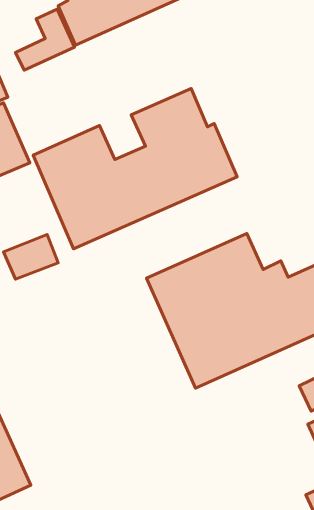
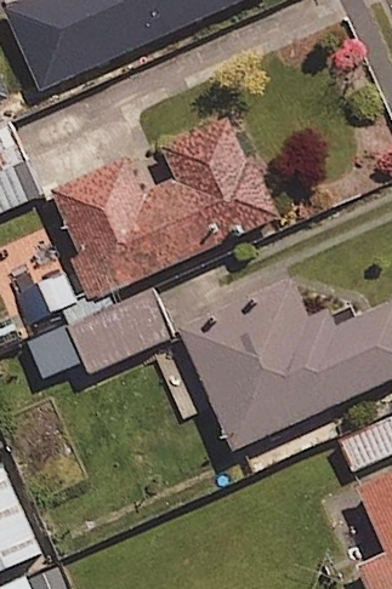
building: none -> [33,292,176,379]

